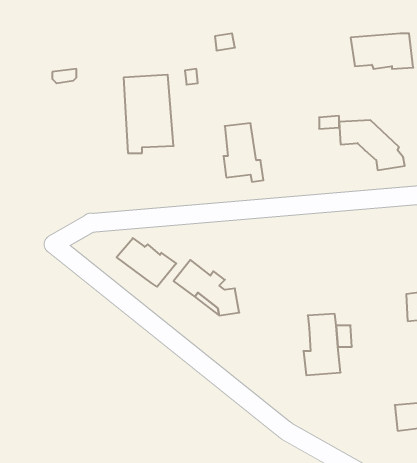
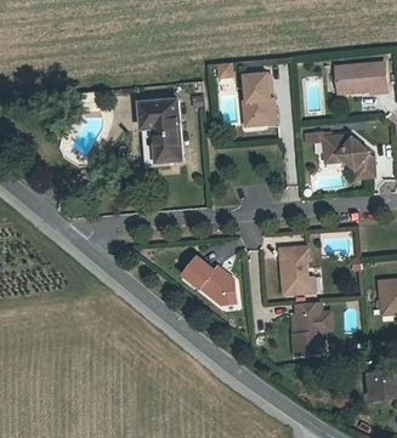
building: [223,123,263,182] -> [239,74,273,124]
building: [117,238,176,287] -> none
building: none -> [278,245,308,294]

